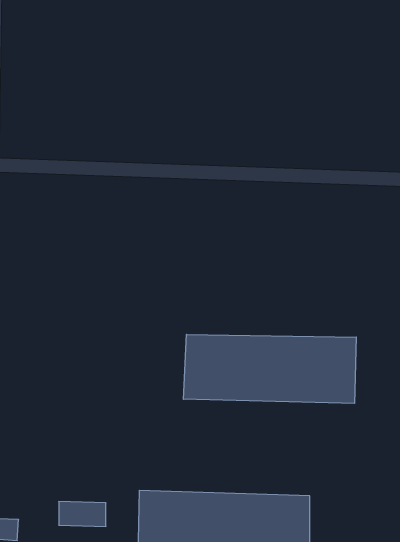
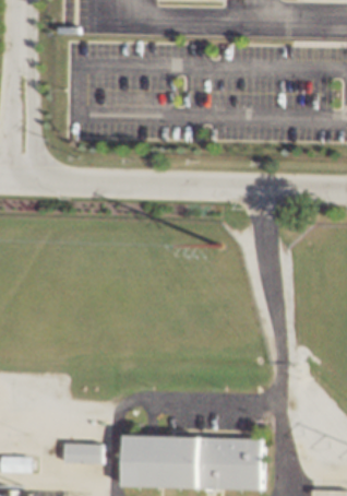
building: [183,334,356,403] -> none

